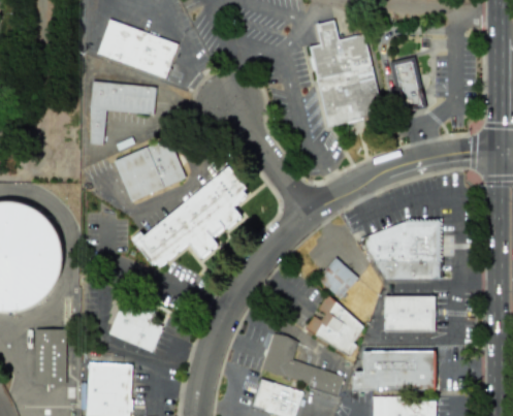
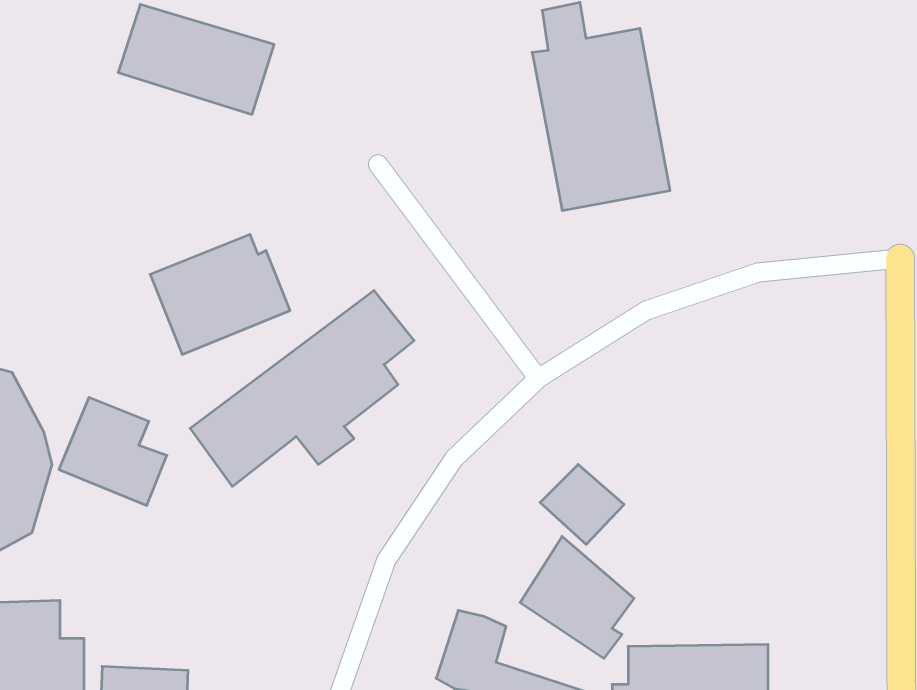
building: [393,56,426,110] -> none
building: [89,82,156,145] -> none
building: [356,221,439,279] -> none
building: [382,296,434,332] -> none
building: [108,297,164,353] -> [59,397,167,505]

